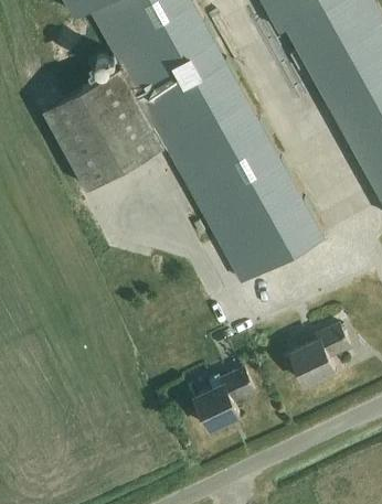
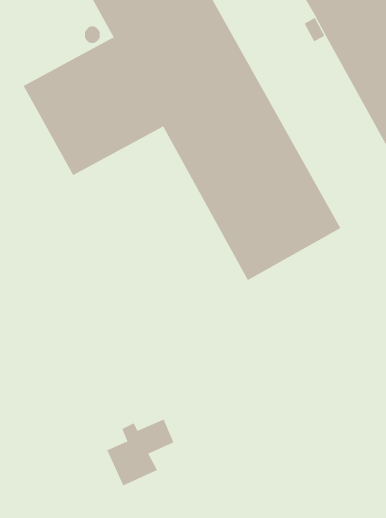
building: [290,324,348,385] -> none
building: [194,371,254,430] -> [107,419,174,486]

